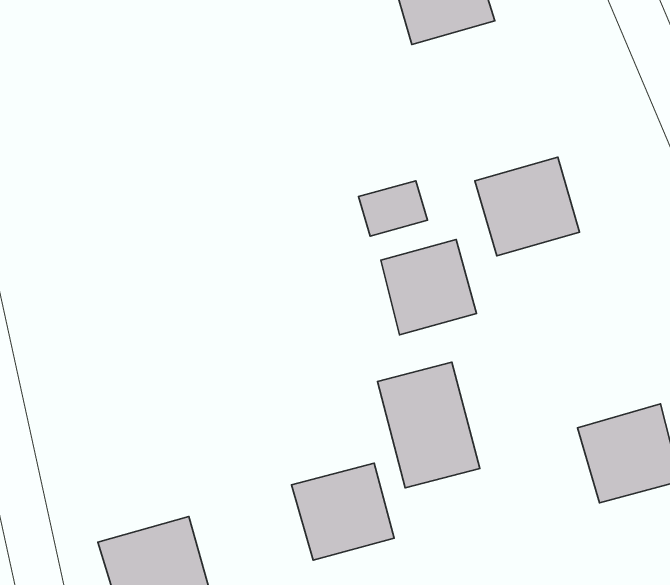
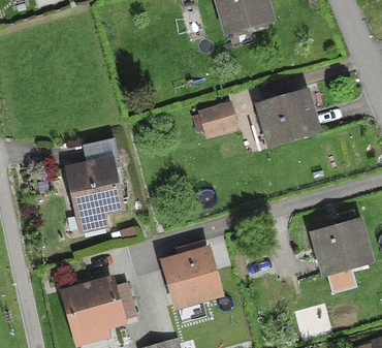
building: [381,240,476,335] -> none
building: none -> [67,137,120,228]
building: [377,362,480,488] -> none

